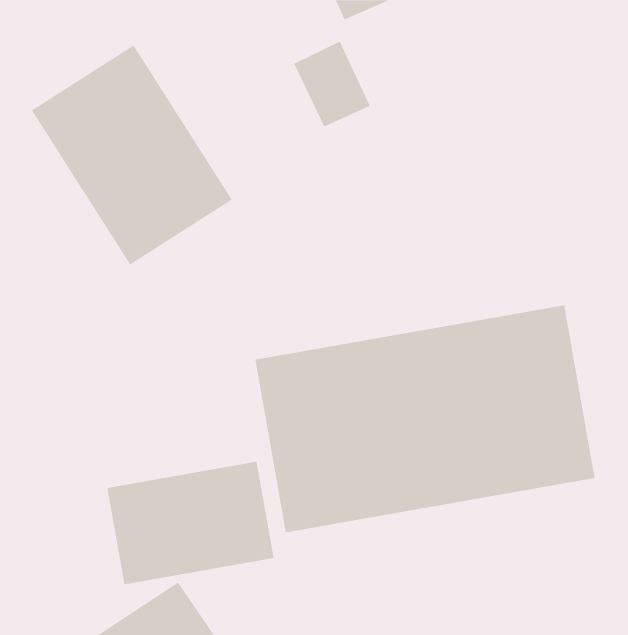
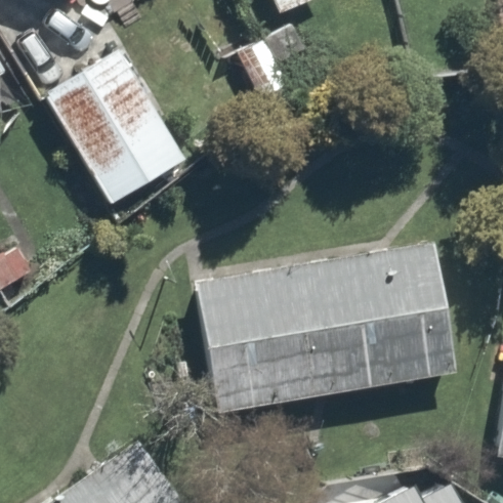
building: [106,461,275,585] -> none

